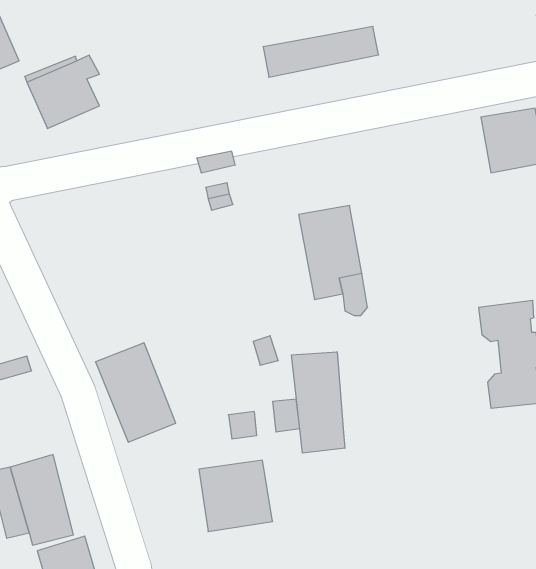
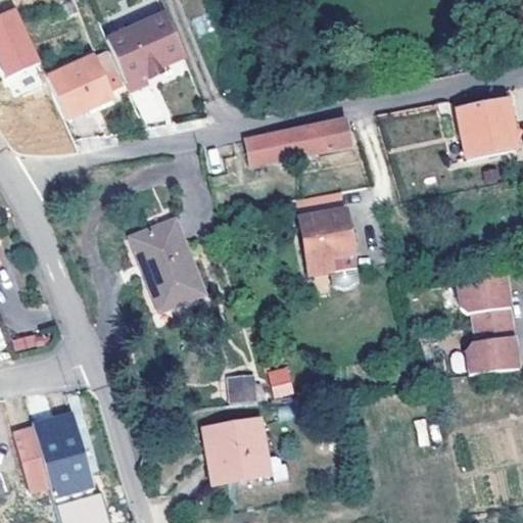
building: none -> [105,10,184,83]
building: [263,26,379,77] -> [247,118,351,164]
building: [95,343,176,442] -> [132,221,204,311]
building: [292,352,345,453] -> none

